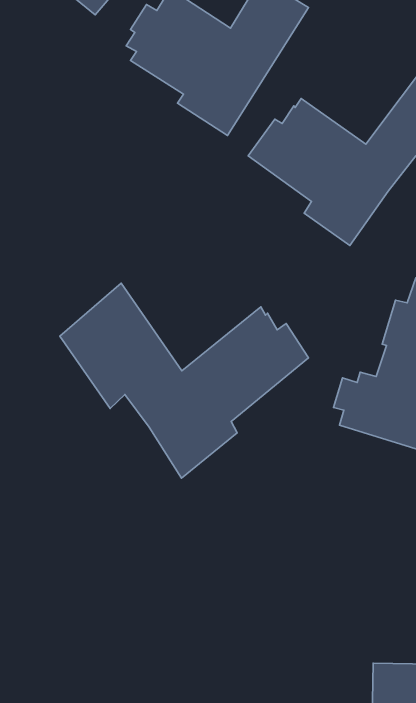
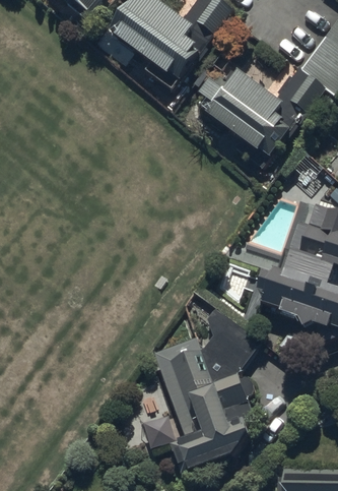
building: [60,283,309,478] -> none
building: none -> [153,306,262,476]

